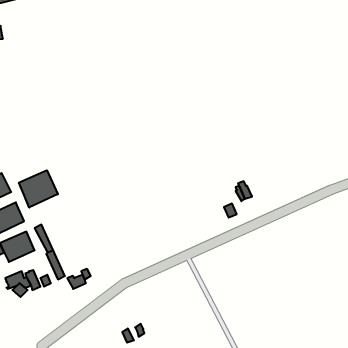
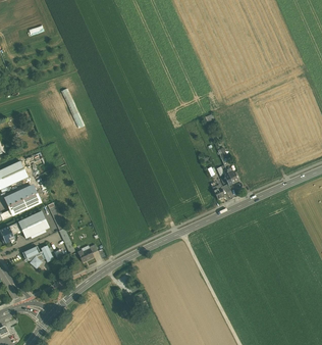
building: [19,170,58,208] -> none

